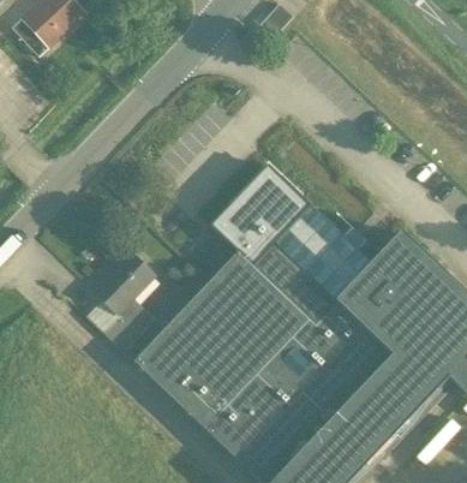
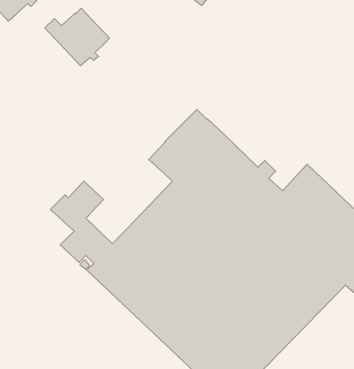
building: none -> [45,8,109,66]

